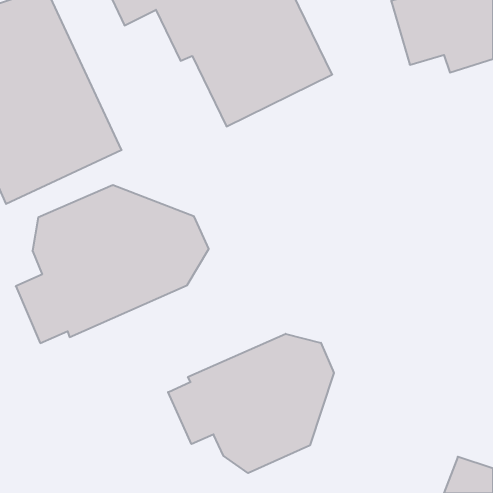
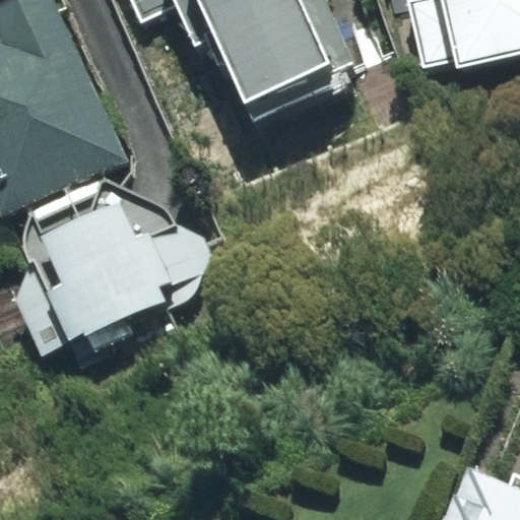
building: [168,334,334,473] -> none

